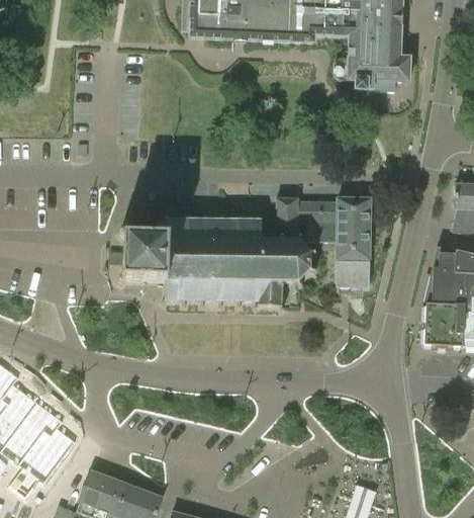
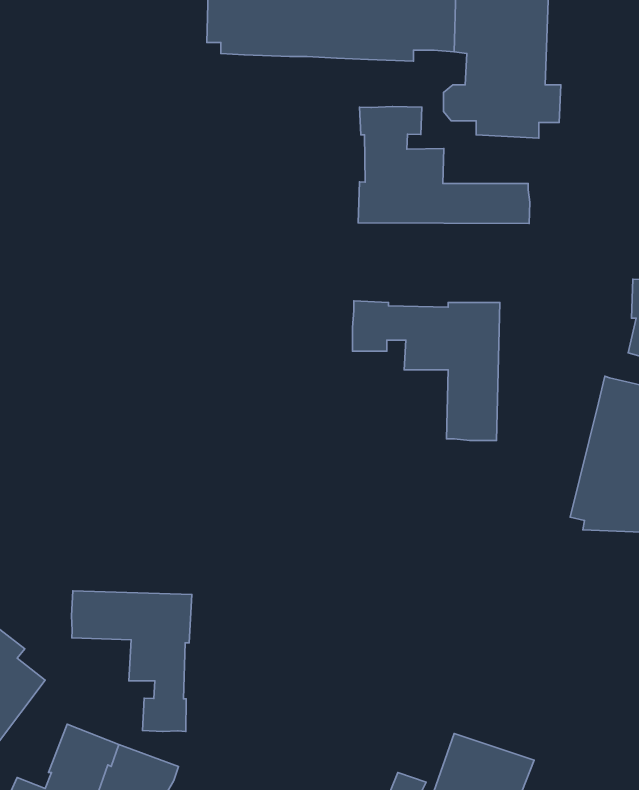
building: none -> [358,107,530,223]
building: [117,218,310,306] -> none
building: none -> [72,591,192,732]

